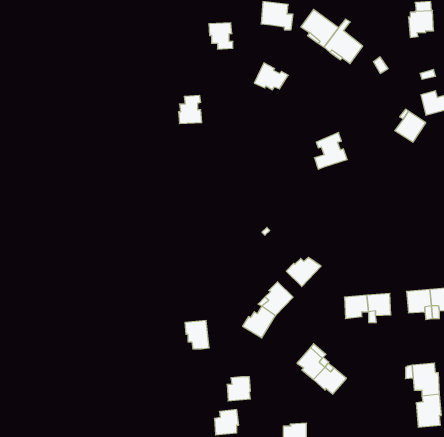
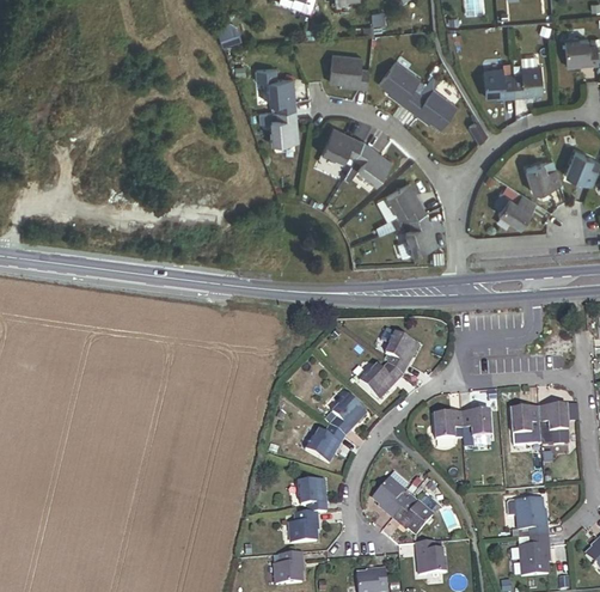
building: none -> [483,65,514,96]
building: none -> [353,142,391,184]
building: [178,95,202,124] -> [269,109,298,144]
building: none -> [384,183,425,227]
building: none -> [388,334,422,378]
building: [185,321,209,349] -> [295,480,325,514]
building: none -> [417,544,447,579]

